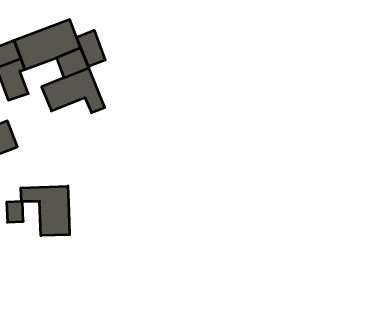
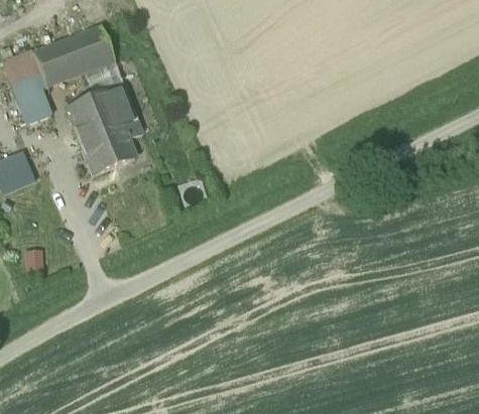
building: [77,30,105,67] -> none
building: none -> [79,121,134,174]
building: [21,186,70,236] -> none

